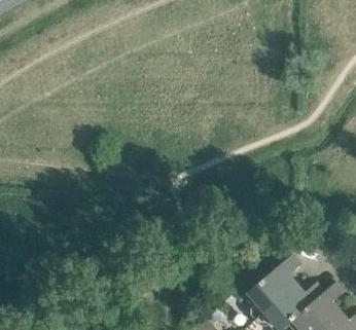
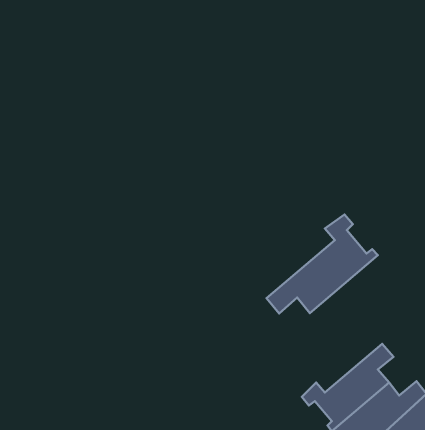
building: none -> [267,215,378,314]

